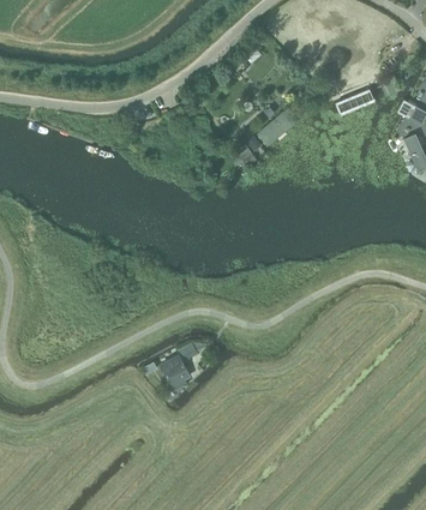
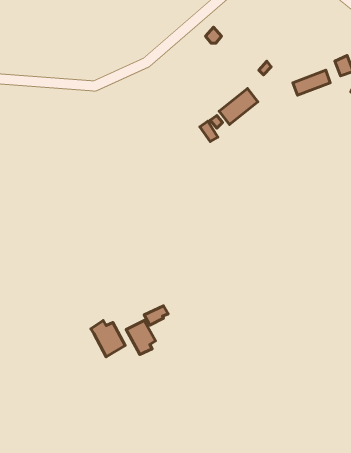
building: none -> [91,321,125,357]

